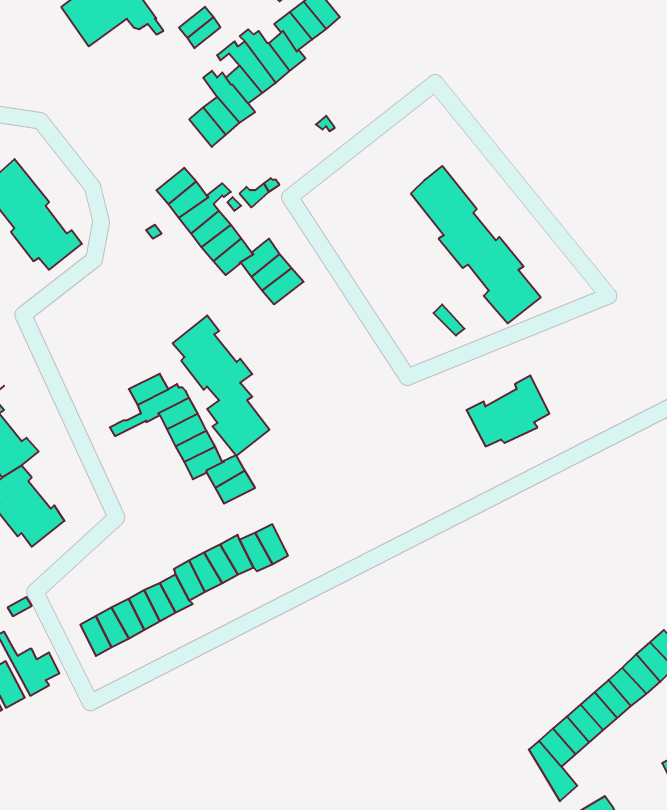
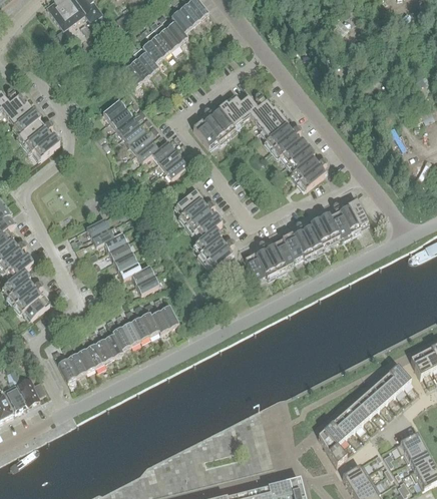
building: none -> [192,93,258,145]
building: [173,315,269,456] -> [175,188,232,270]
building: none -> [319,199,368,240]
building: none -> [245,238,293,280]

